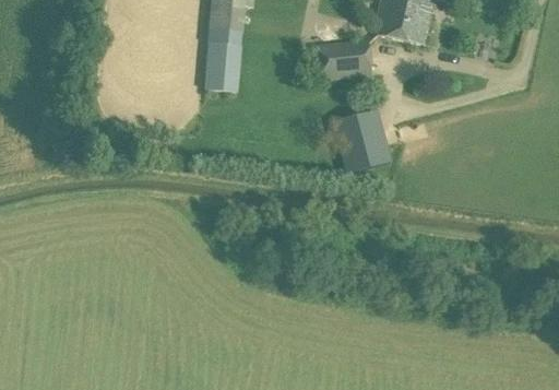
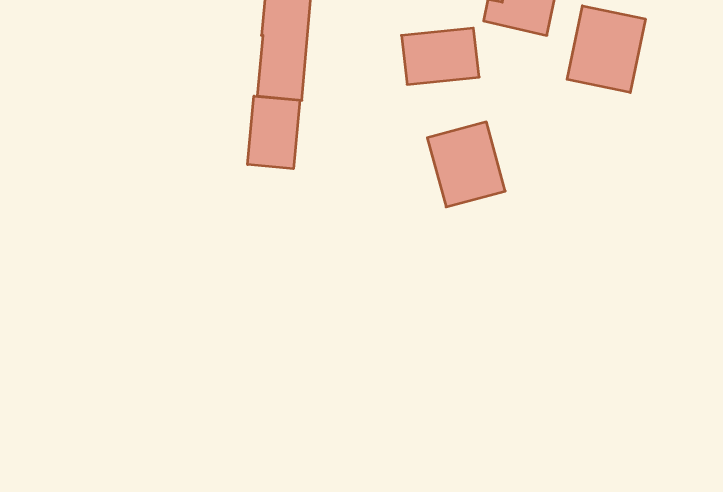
building: none -> [567,6,645,93]
building: none -> [248,96,300,169]

